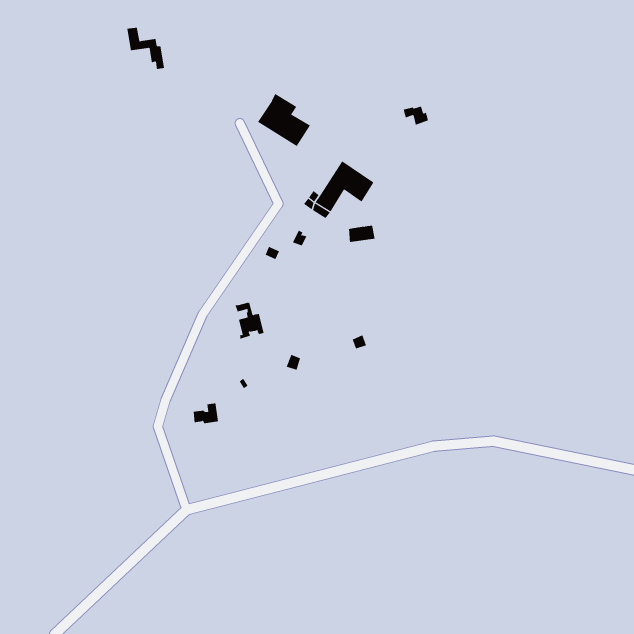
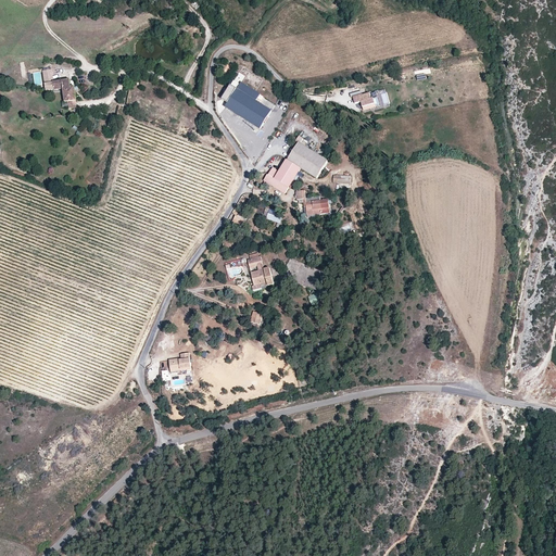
building: [126,27,165,69] -> [42,68,76,105]
building: [235,301,264,339] -> [248,255,274,289]

